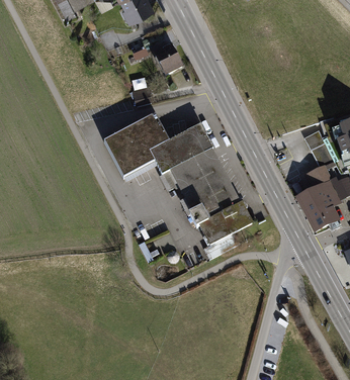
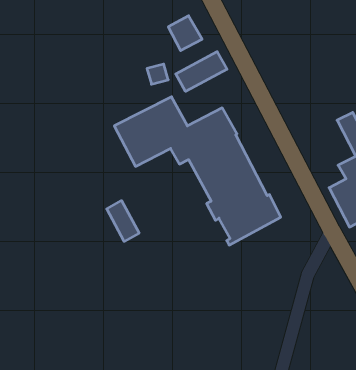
building: none -> [176,52,227,91]
building: none -> [107,201,139,241]

